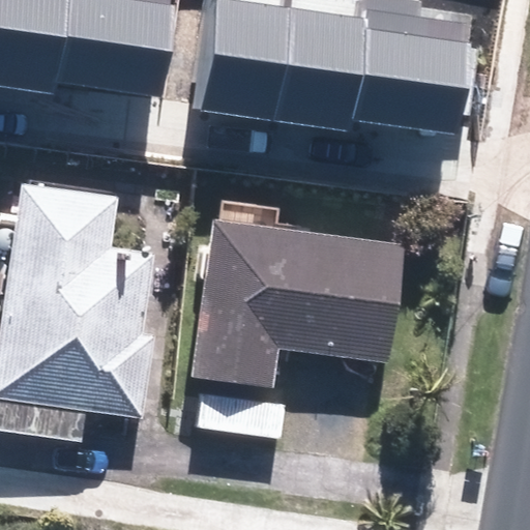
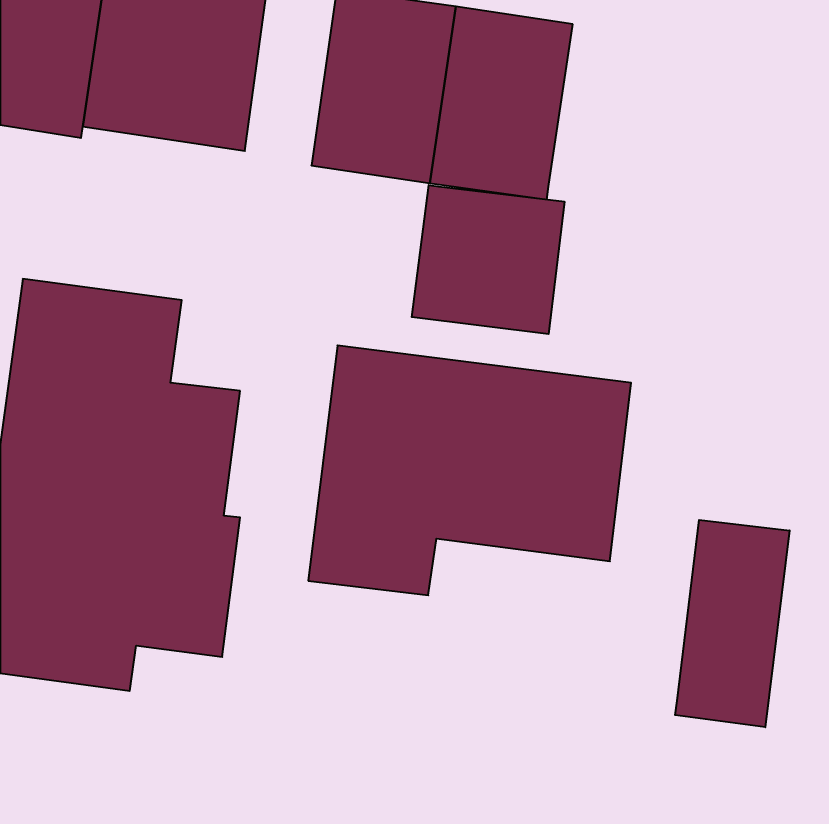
building: [350,7,467,134] -> none
building: none -> [412,185,564,334]
building: none -> [675,520,790,727]

